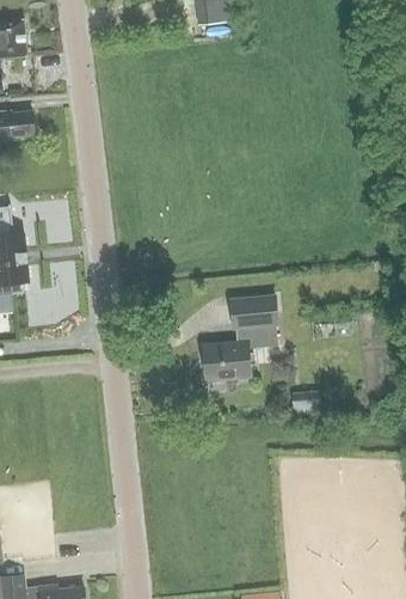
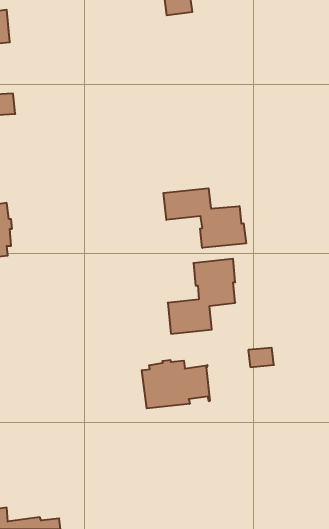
building: none -> [163,188,246,248]
building: none -> [142,360,210,408]

